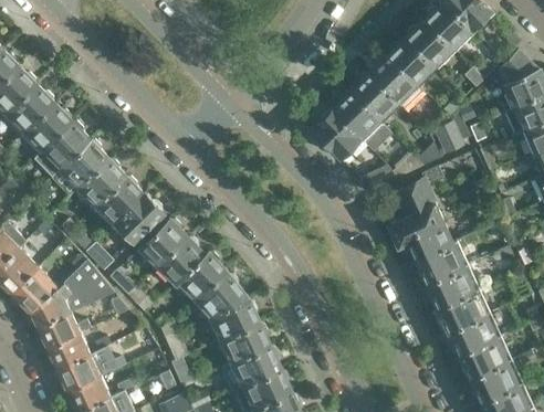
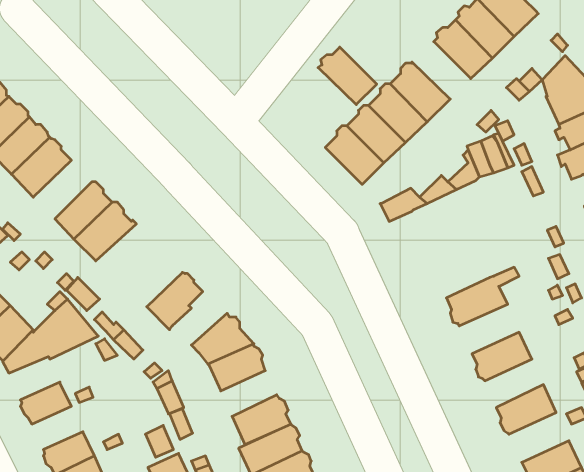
building: [386,38,437,87] -> [318,47,377,105]
building: [57,140,108,191] -> none
building: [388,169,453,260] -> none
building: [112,196,163,245] -> none
building: [138,219,187,267] -> none
building: [178,253,226,300] -> none
building: [427,265,479,308] -> none
building: [449,305,512,355] -> none
building: [36,310,91,348] -> none
building: [220,323,269,362] -> none
building: [56,353,125,391] -> none
building: [470,359,522,402] -> none

